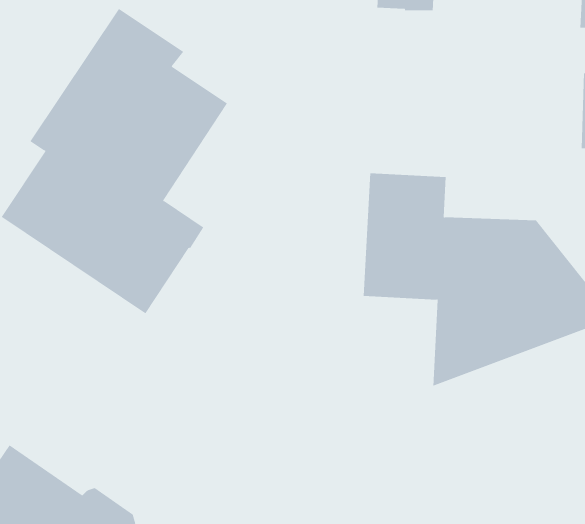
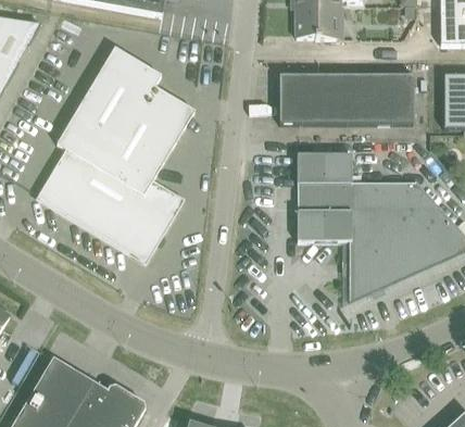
building: none -> [279,75,414,123]

